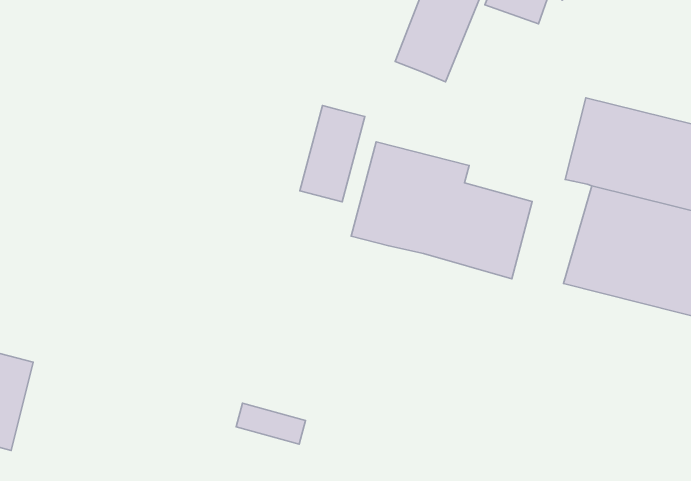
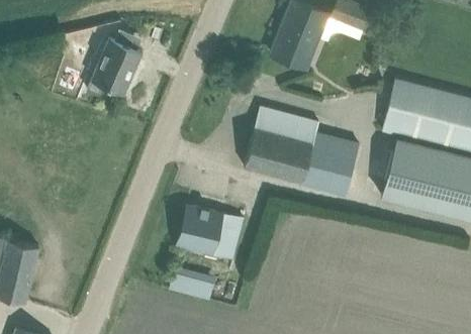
building: none -> [88,39,142,97]
building: [300,106,365,202] -> none
building: none -> [176,204,244,259]

